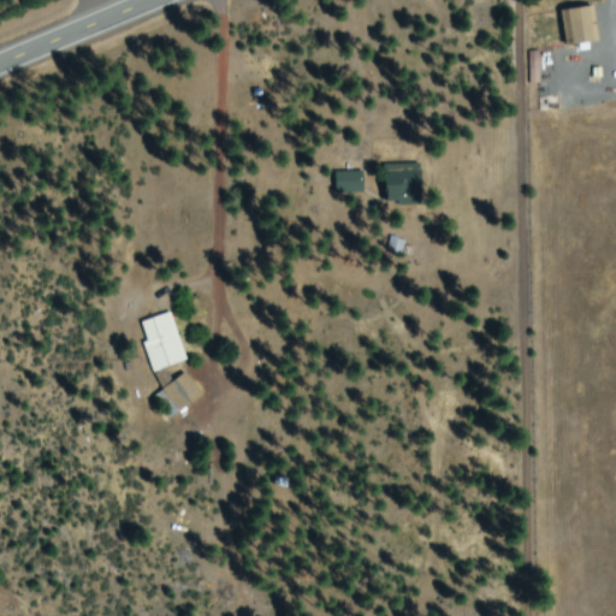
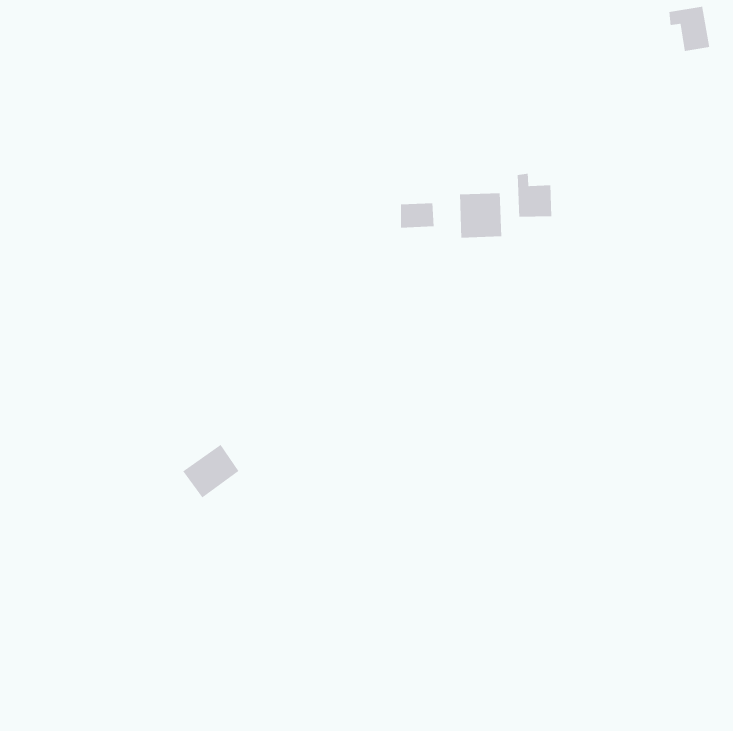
building: none -> [517,173,552,218]
building: [141,310,186,371] -> none

